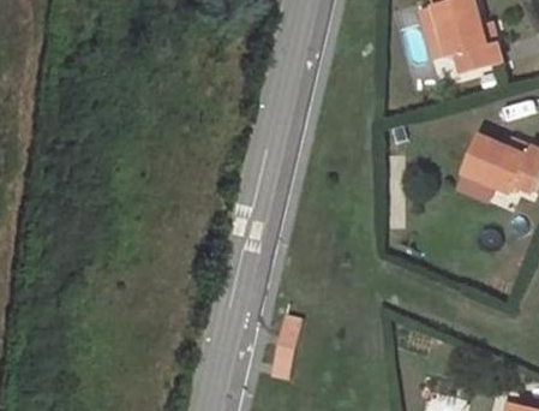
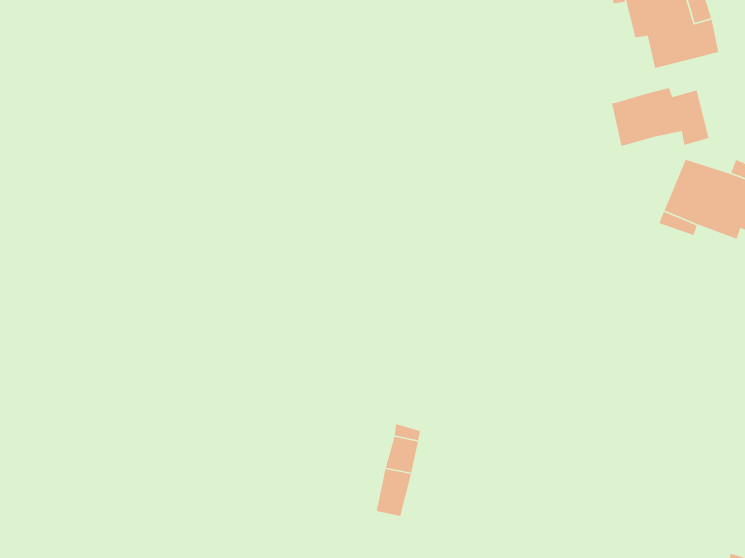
building: none -> [611,87,709,147]

